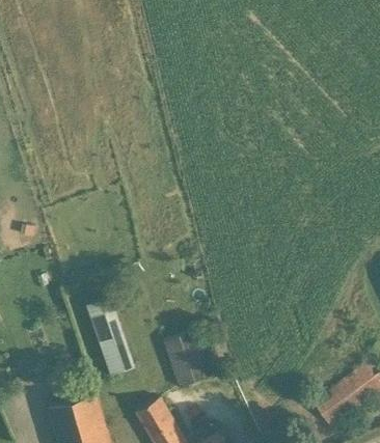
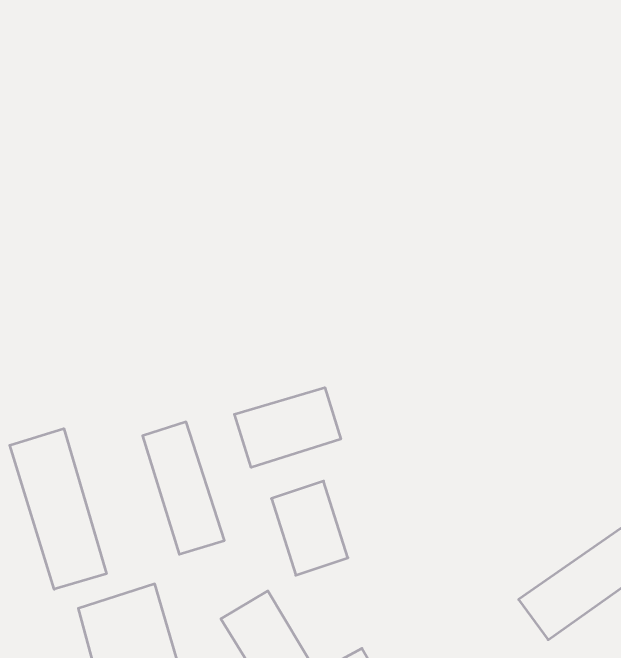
building: none -> [234,388,341,467]
building: none -> [10,429,106,589]

